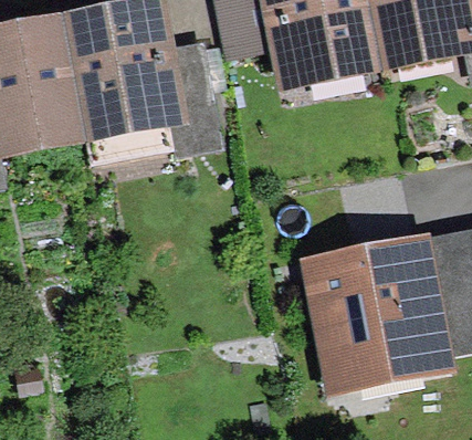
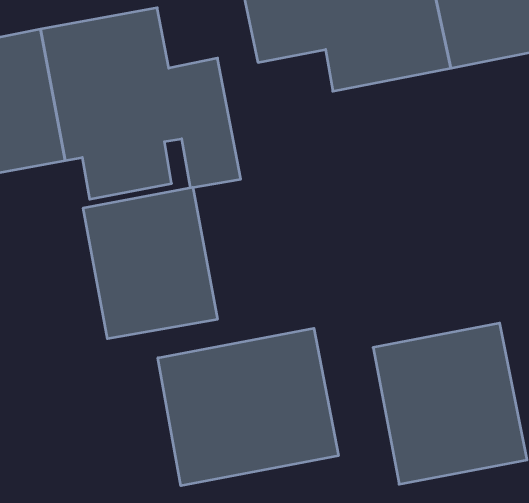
building: none -> [83,187,217,339]
building: none -> [158,328,338,486]

